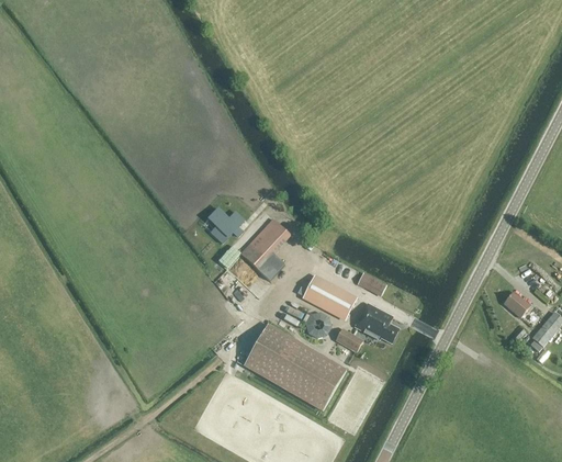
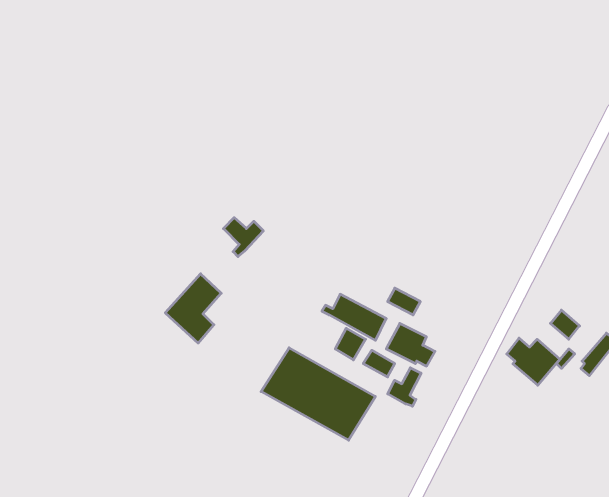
building: [240,217,291,280] -> [165,274,221,343]
building: none -> [507,338,560,385]
building: none -> [388,368,421,406]

